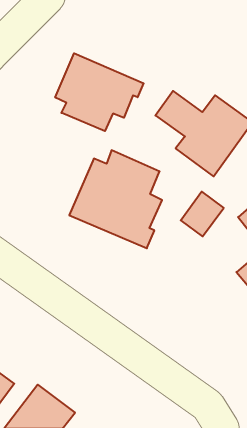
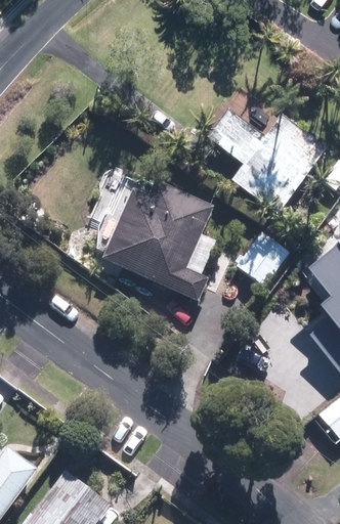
building: [55,53,144,131] -> none

